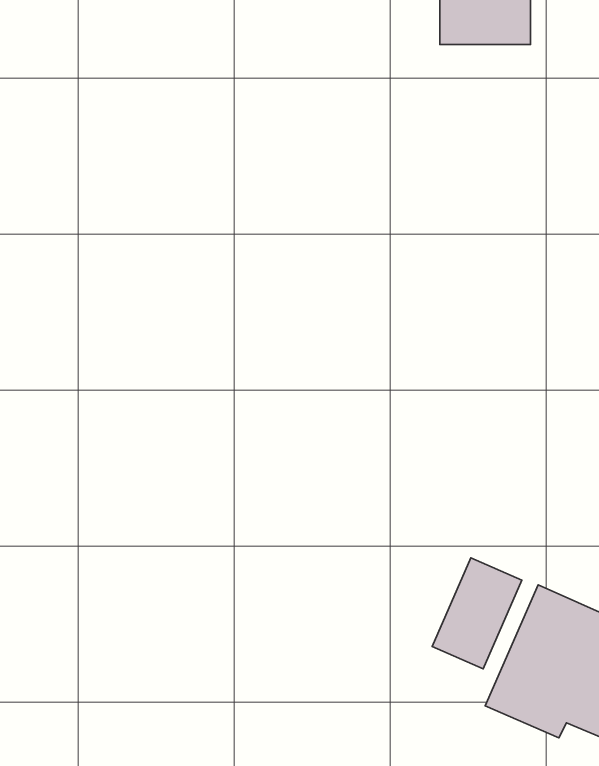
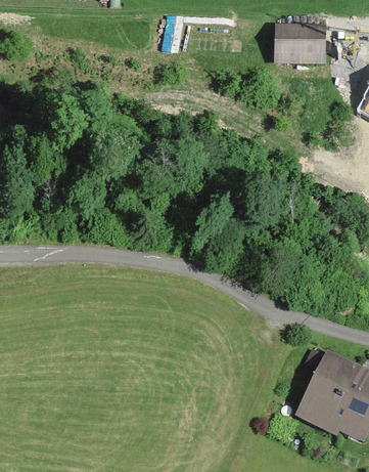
building: [432,558,522,669] -> none

